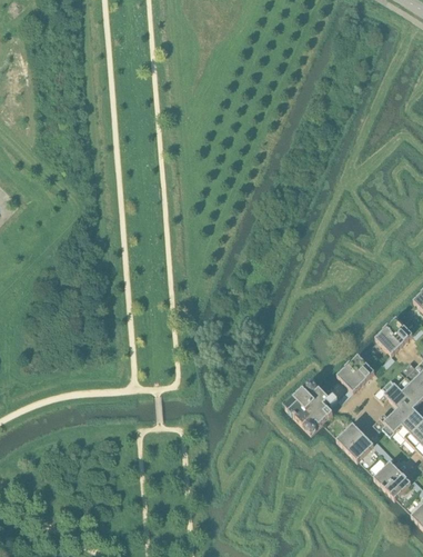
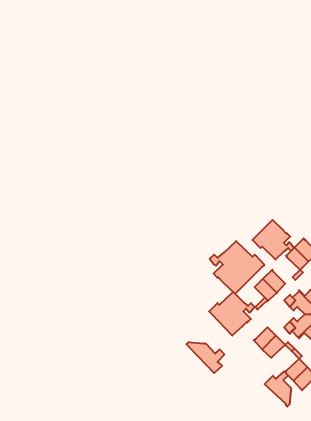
building: none -> [252,220,294,260]
building: none -> [210,241,264,294]
building: none -> [186,342,224,373]
building: none -> [265,371,291,407]

